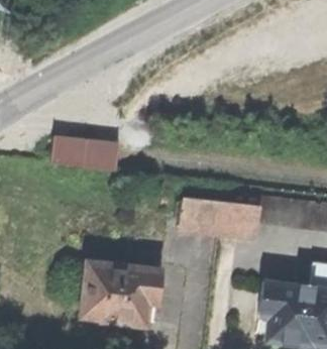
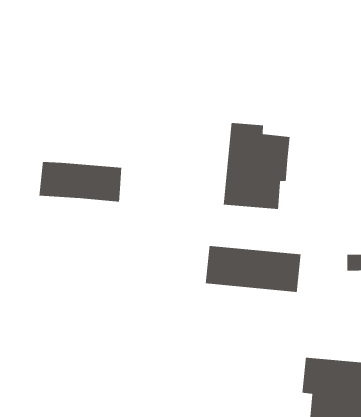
building: none -> [223,122,291,210]
building: [82,266,162,332] -> none

